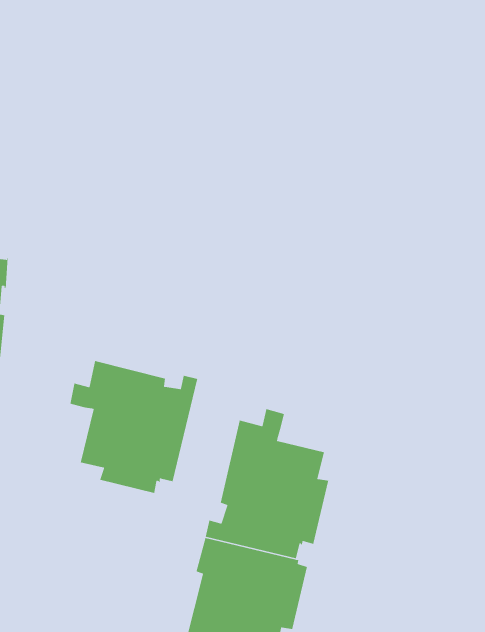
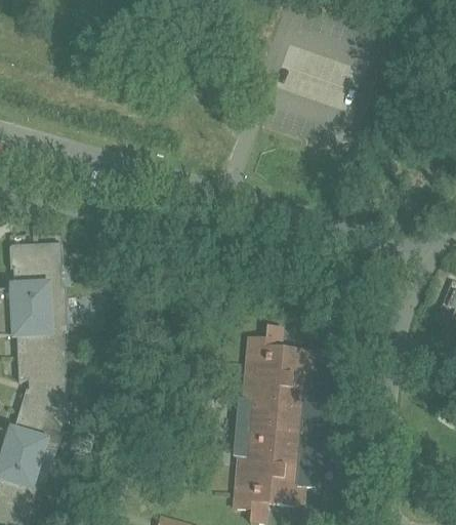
building: [69,360,198,494] -> none

